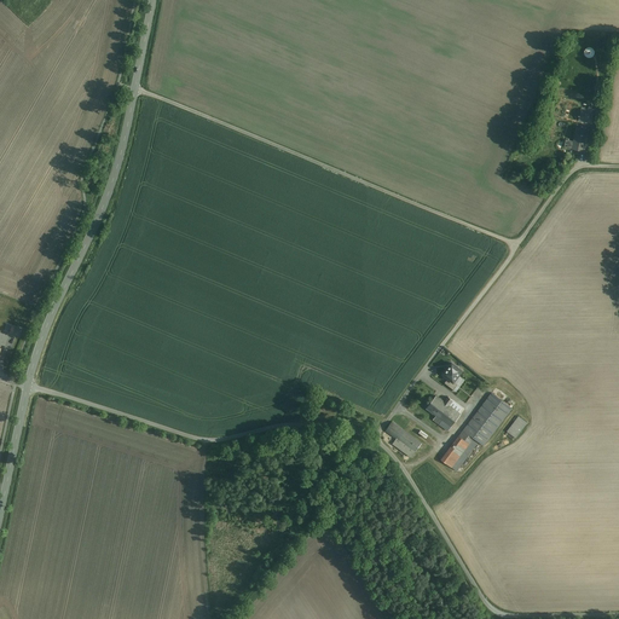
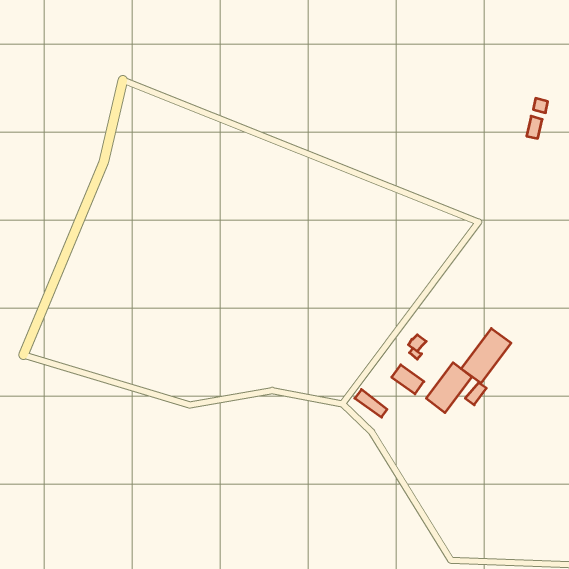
building: none -> [461,328,511,383]
building: [440,436,474,472] -> none

